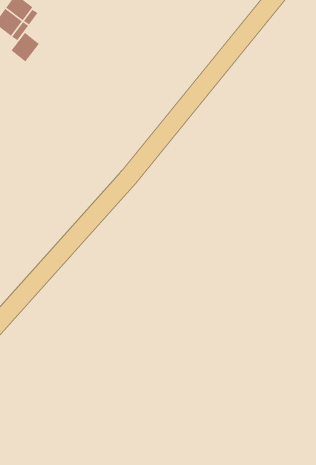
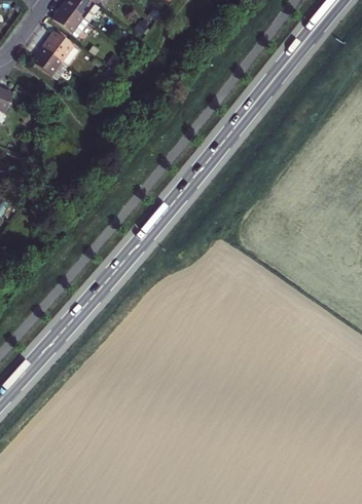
building: [10,32,40,62] -> none

